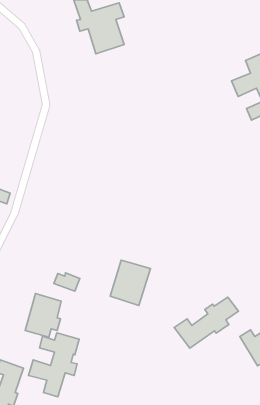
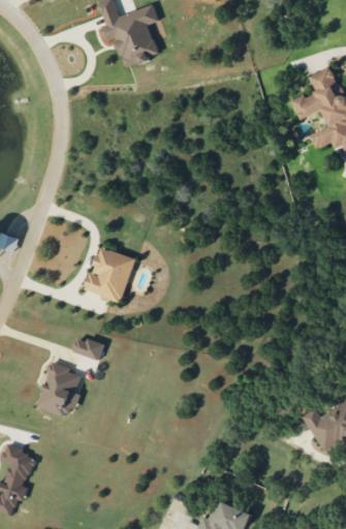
building: [110,260,151,305] -> [86,247,135,303]
building: [174,297,238,348] -> none
building: [29,333,79,397] -> none

